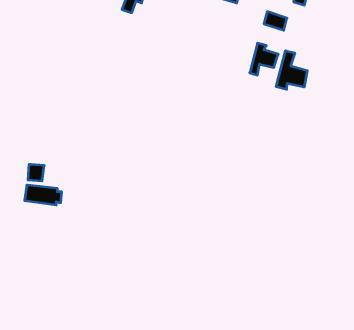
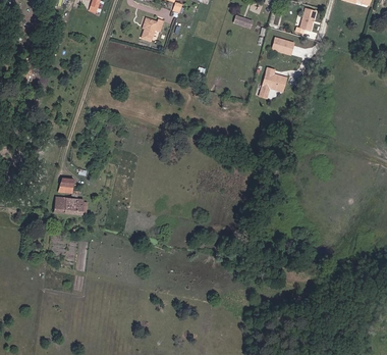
building: [276,51,307,89] -> none

